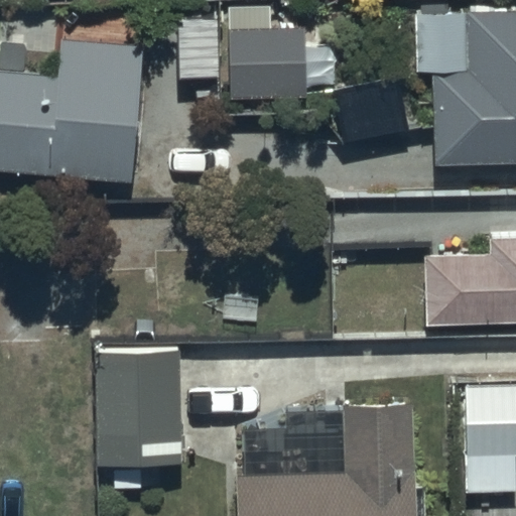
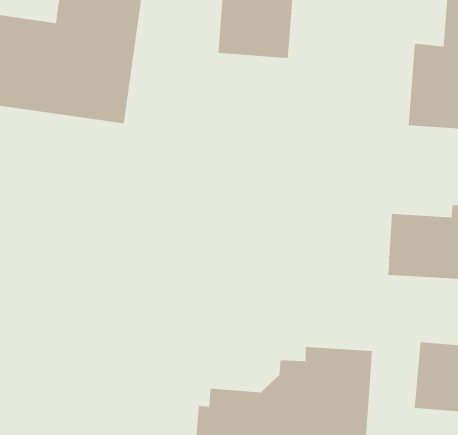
building: [93,365,179,482] -> none

